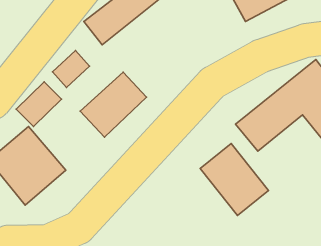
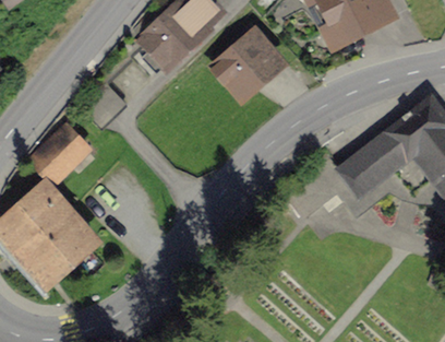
building: none -> [208,23,286,99]
building: [80,72,146,137] -> none
building: [200,144,268,215] -> none

